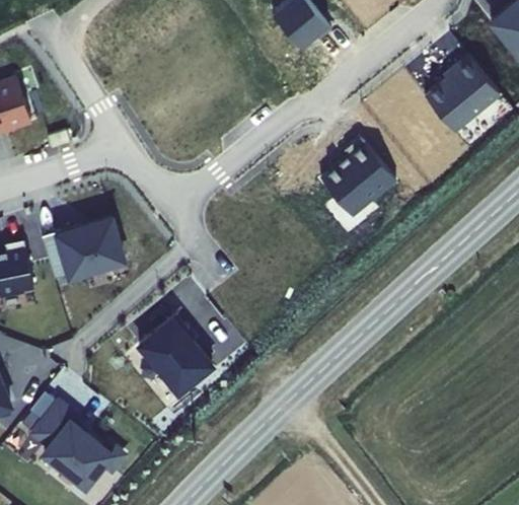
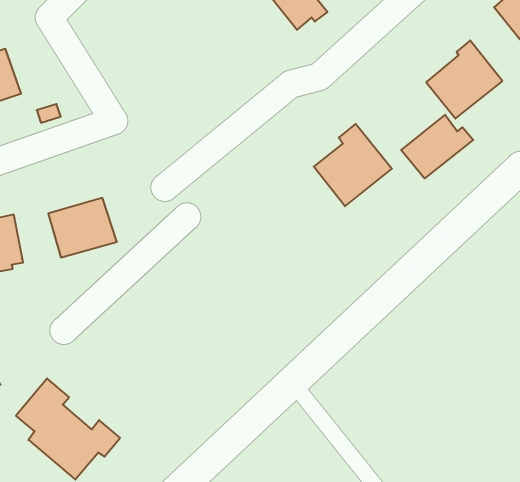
building: none -> [401,115,473,178]
building: [135,311,216,395] -> none

